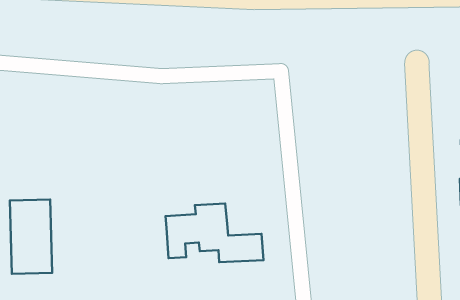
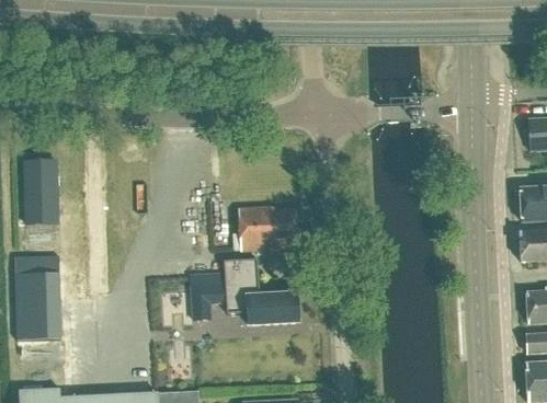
building: none -> [24,159,60,224]
building: none -> [238,206,297,250]

